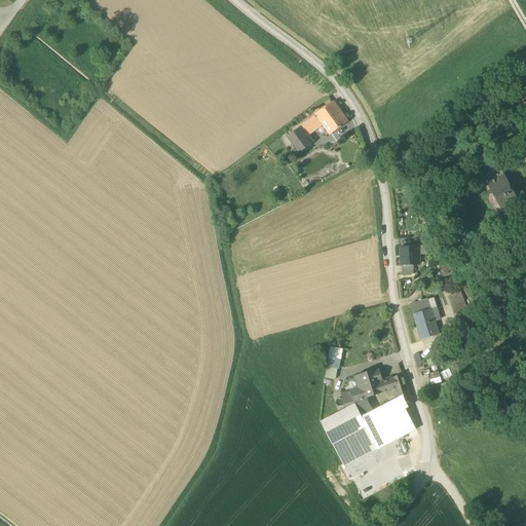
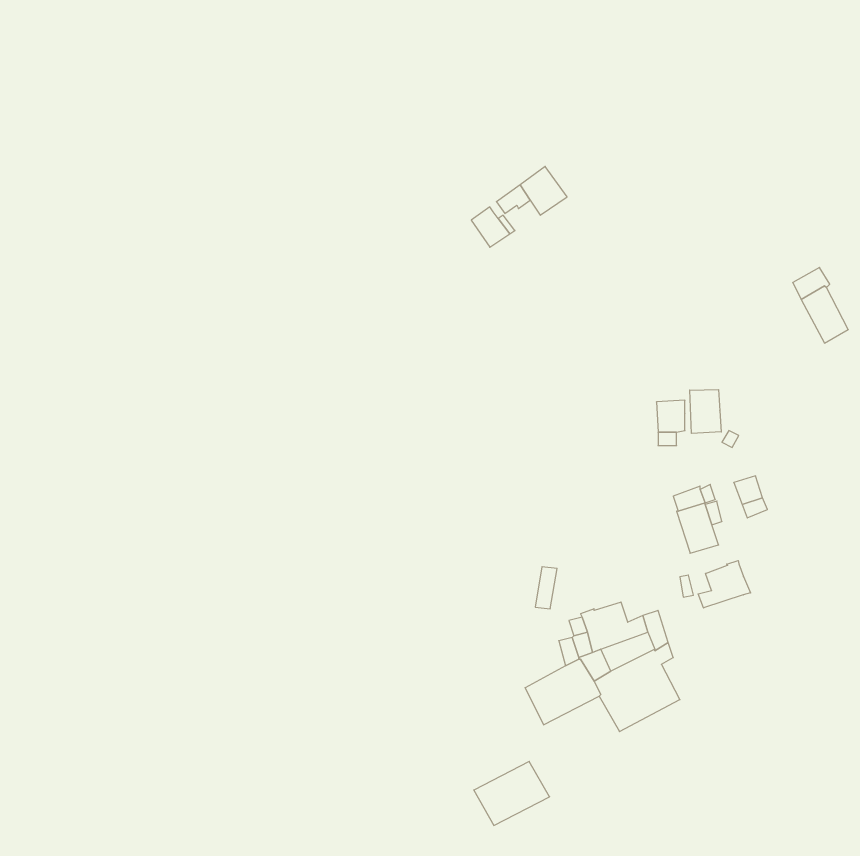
building: none -> [690,390,721,433]
building: none -> [698,561,751,608]
building: [332,425,378,464] -> [474,761,550,825]

